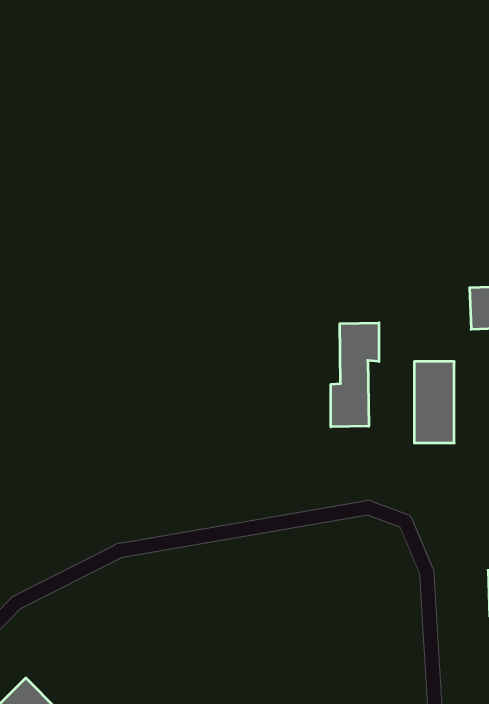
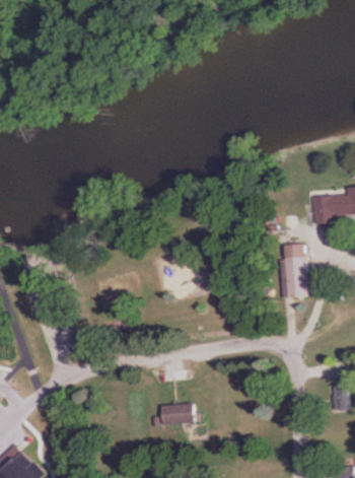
building: [331,323,379,427] -> none
building: none -> [159,404,195,424]

